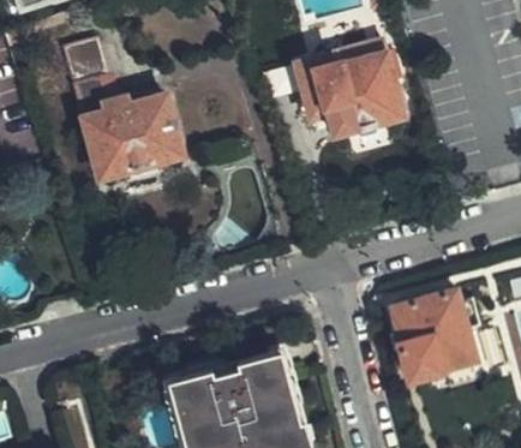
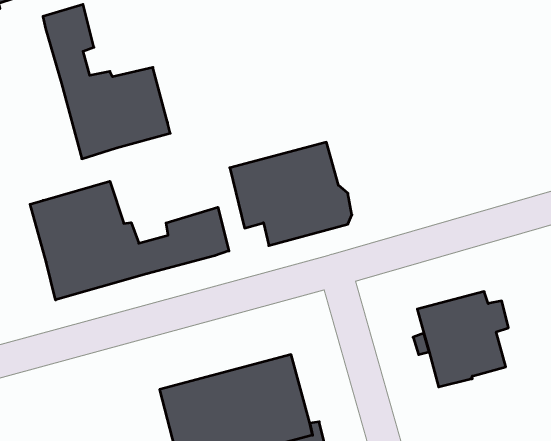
building: [295,42,405,135] -> [230,142,352,246]
building: none -> [30,181,229,300]

